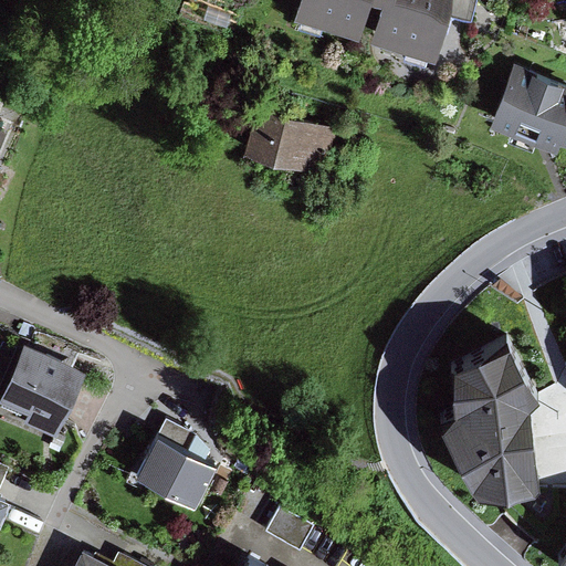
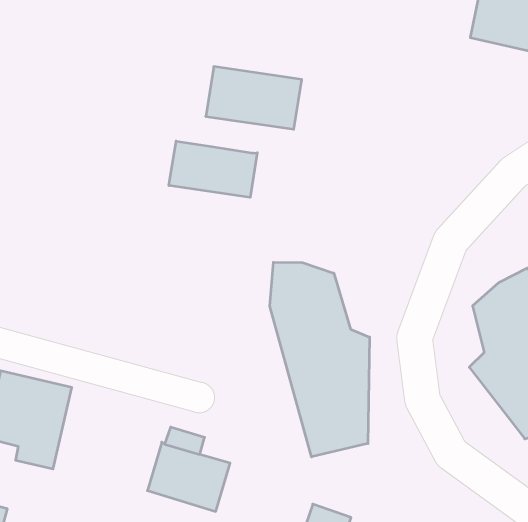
building: none -> [169,141,257,197]
building: none -> [270,262,370,457]

